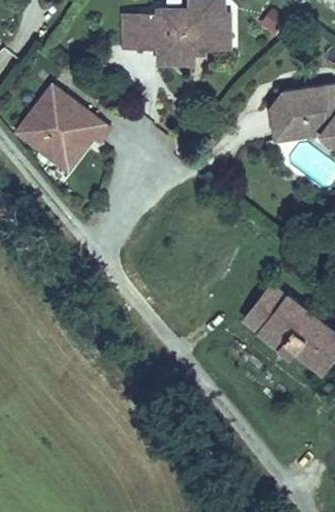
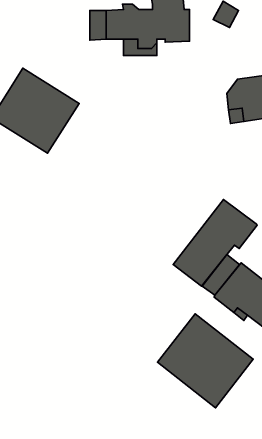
building: none -> [173,199,257,286]
building: none -> [157,314,253,408]

